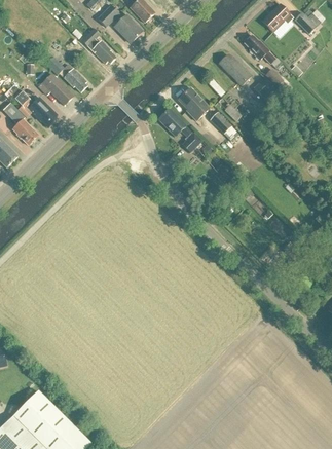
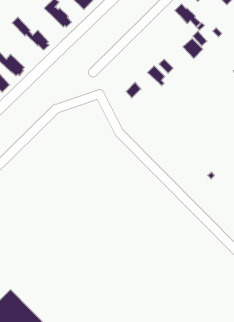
building: [218,53,251,84] -> none
building: [38,72,72,104] -> none
building: [177,86,209,119] -> none
building: [157,107,190,136] -> none

